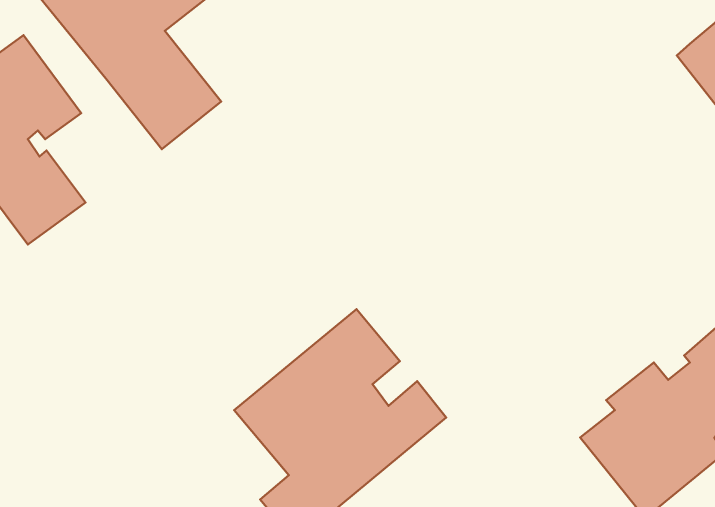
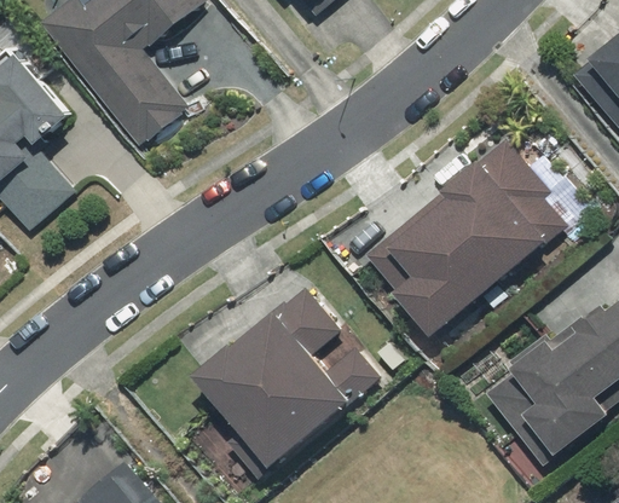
building: none -> [369,138,563,333]

